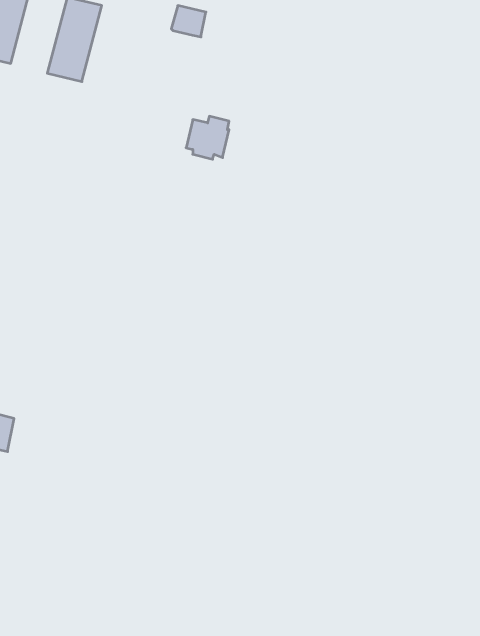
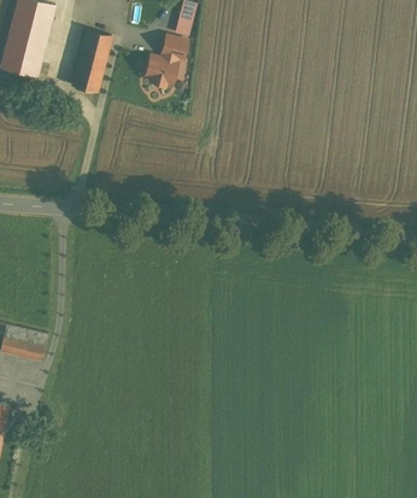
building: [186,116,229,159] -> [146,54,177,86]

